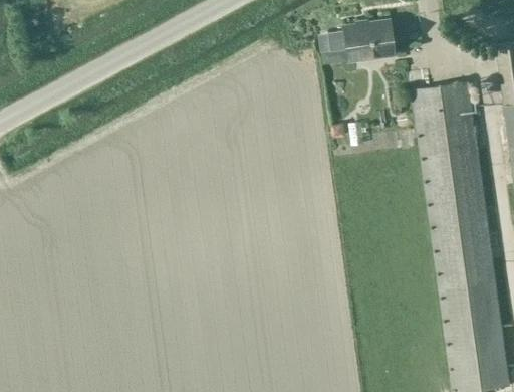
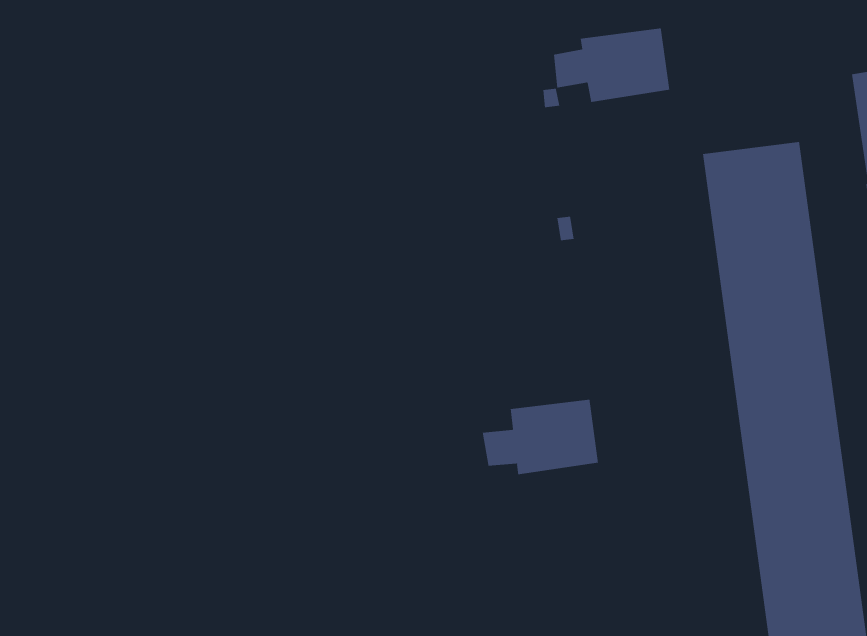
building: none -> [482,399,599,475]

